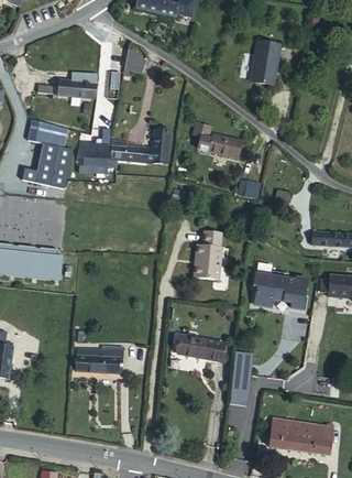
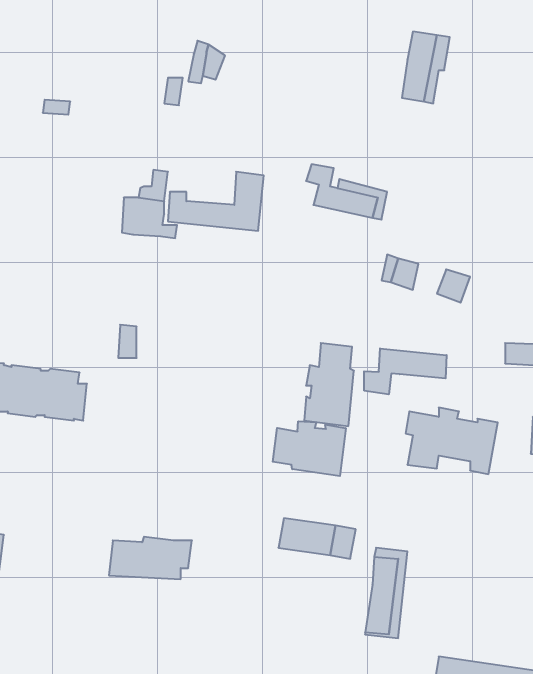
building: [56,74,98,99] -> none
building: [21,119,73,188] -> none
building: none -> [364,348,447,394]
building: none -> [273,421,346,476]

